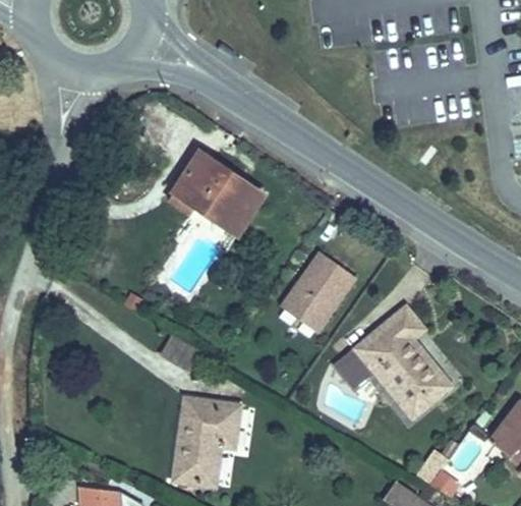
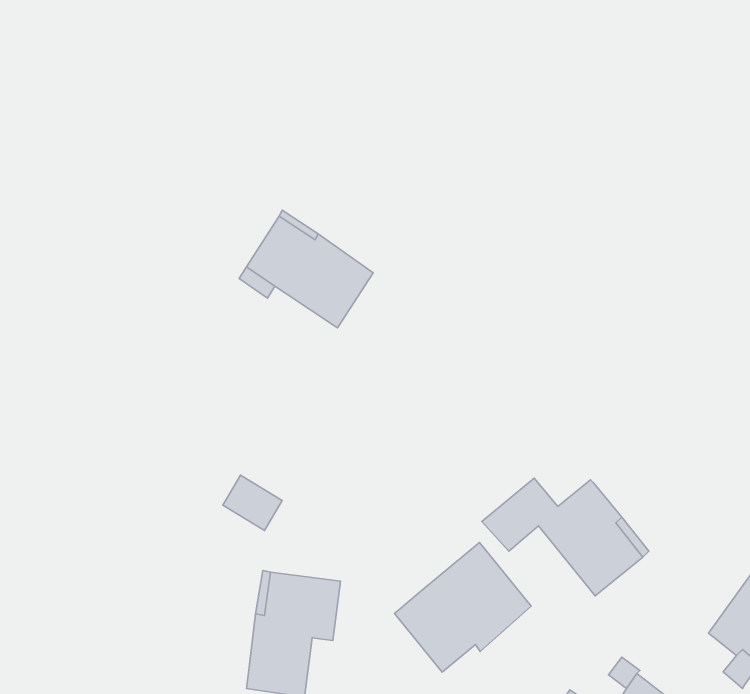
building: [280,250,356,331] -> none
building: [371,307,423,354] -> none
building: none -> [395,542,531,672]

